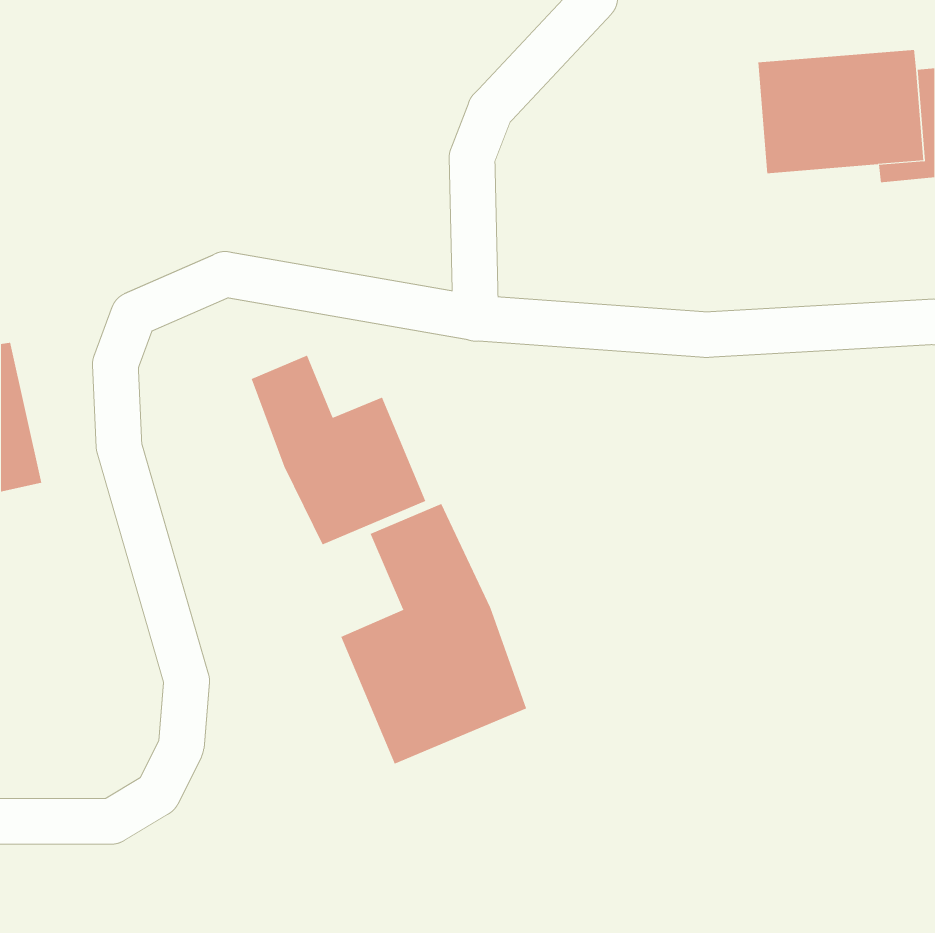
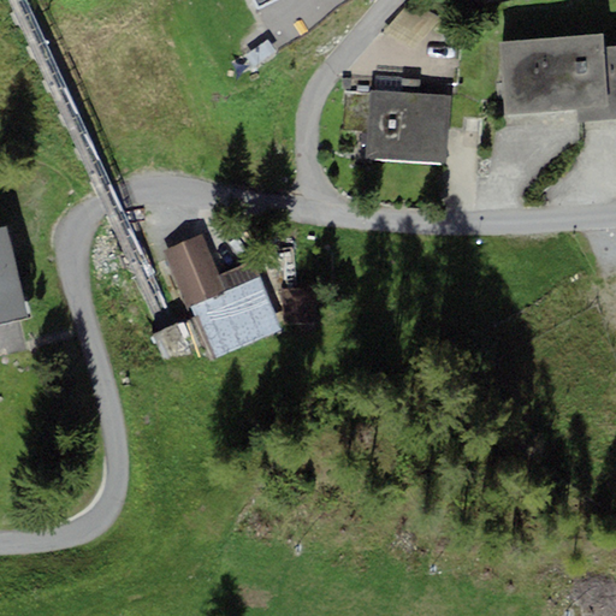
building: none -> [366,75,449,162]
building: [340,503,527,765] -> none

